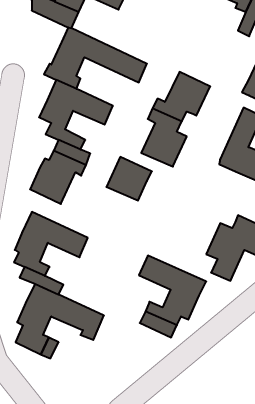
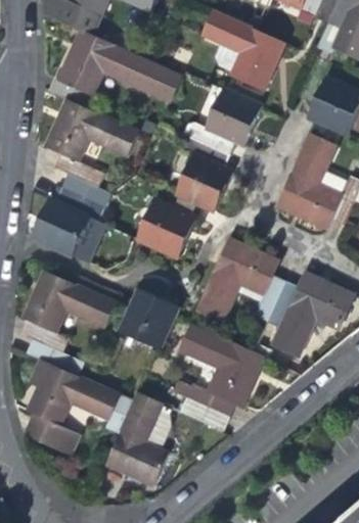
building: none -> [201,12,284,93]
building: none -> [195,239,280,322]
building: none -> [120,289,176,346]
building: none -> [105,389,168,482]

